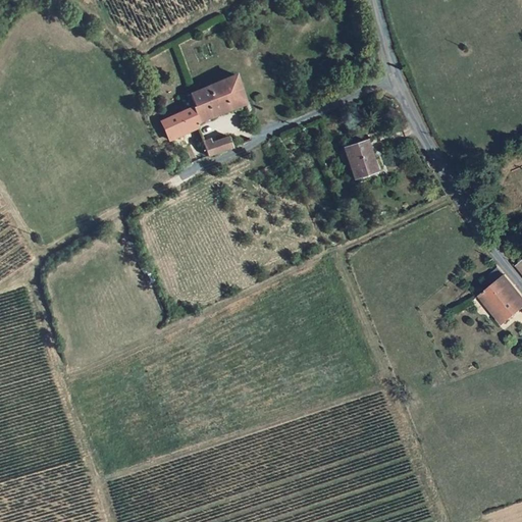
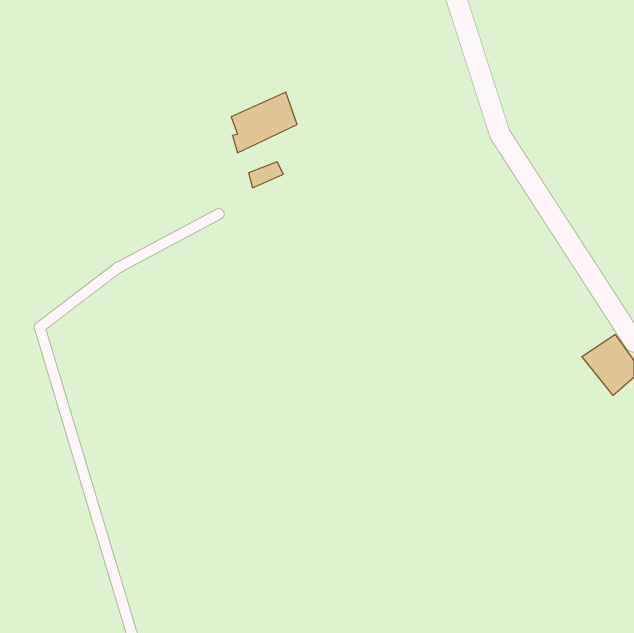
building: [162,111,197,140] -> none
building: [342,142,381,180] -> none

